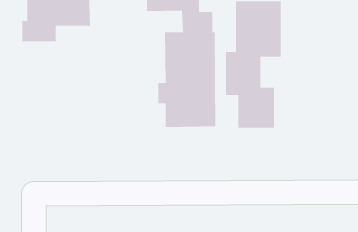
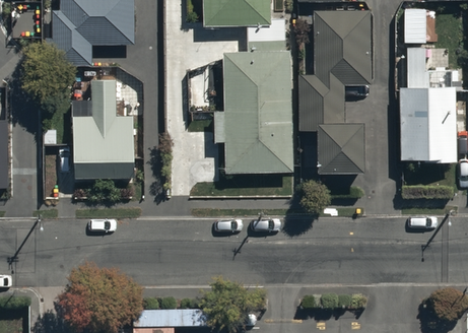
building: none -> [397,25,458,159]
building: none -> [57,77,135,175]

